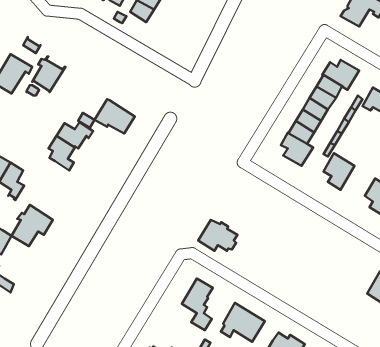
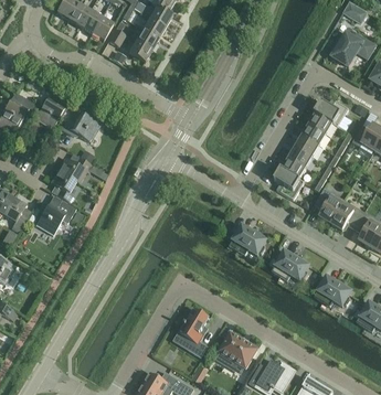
building: [94,99,135,134] -> [61,108,99,141]
building: none -> [330,199,363,228]
building: [12,205,53,246] -> [35,194,75,234]
building: none -> [271,249,308,279]
building: [198,220,237,251] -> [229,224,266,254]
building: none -> [313,275,350,306]

